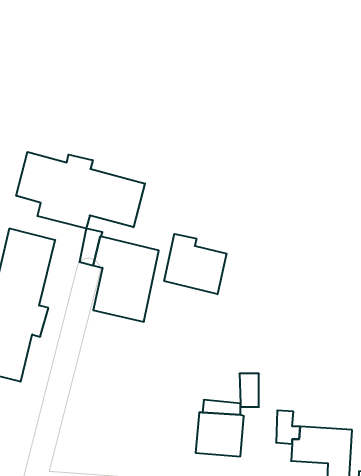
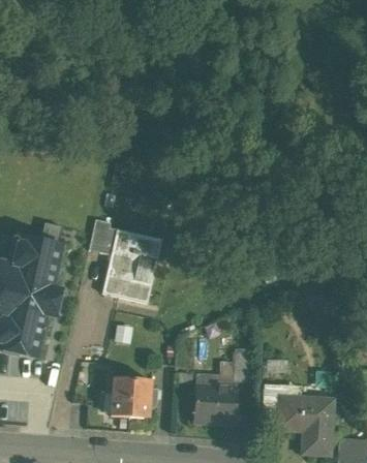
building: [16,152,145,229] -> none
building: [164,234,227,294] -> none
building: none -> [108,378,155,418]

